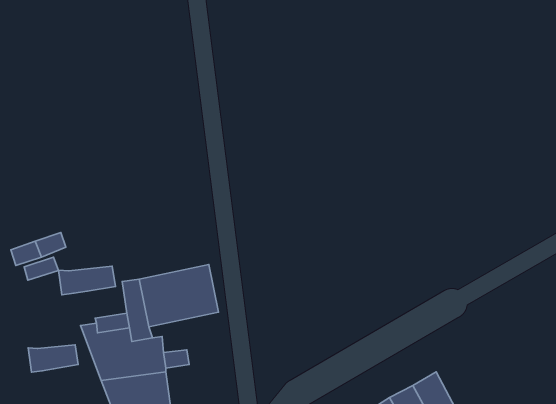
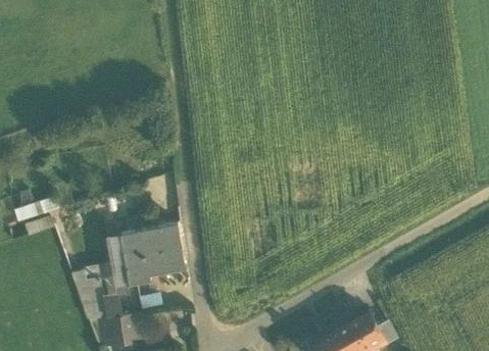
building: [58,266,115,295] -> none
building: [28,345,78,372] -> none

